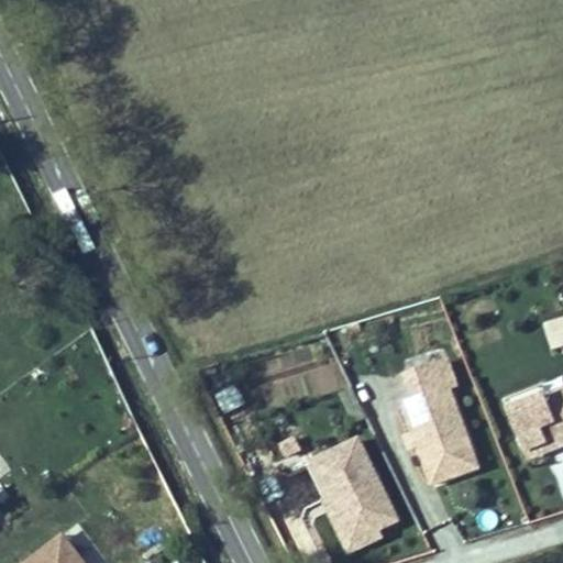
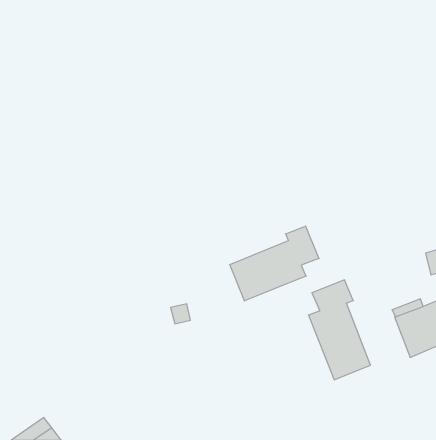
building: none -> [230,226,319,301]
building: [311,439,398,555] -> none

